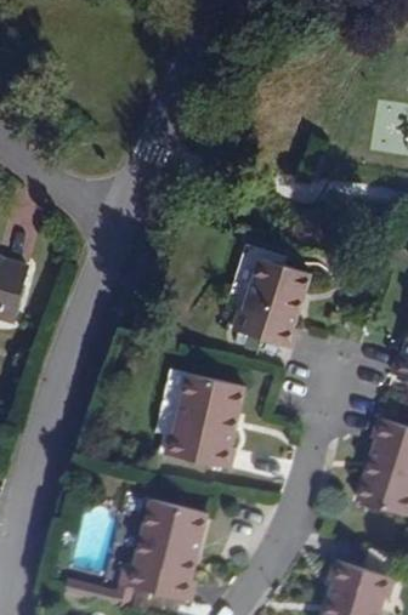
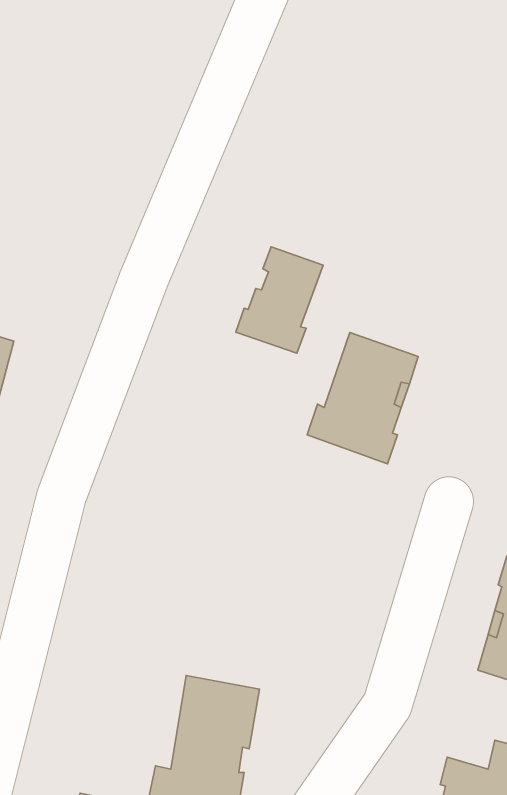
building: none -> [236,247,323,353]
building: [166,375,248,471] -> none

